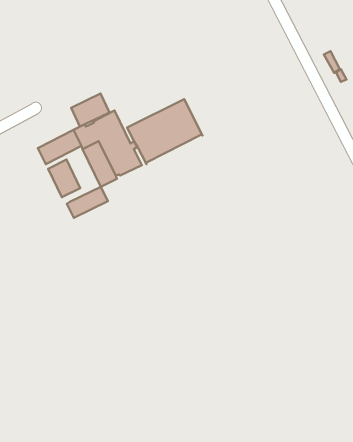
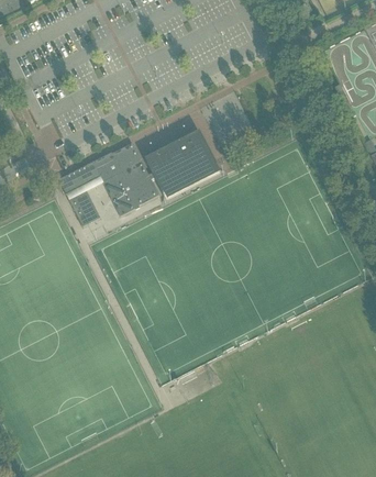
building: [71,94,109,126] -> none
building: [67,187,108,218] -> none

